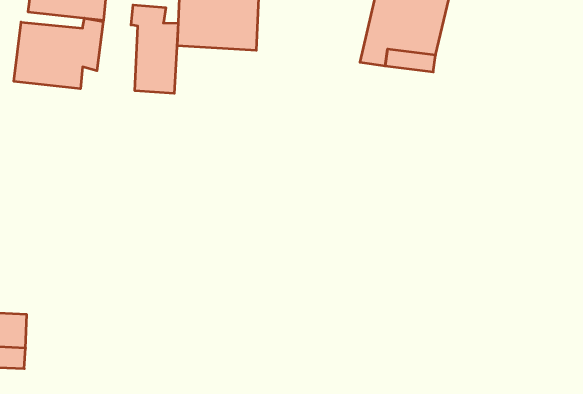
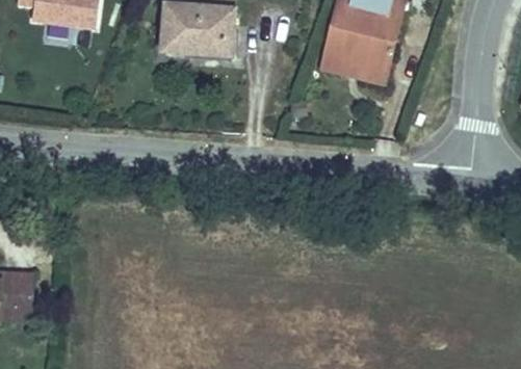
building: [131,5,178,93] -> none
building: [14,18,103,89] -> none

